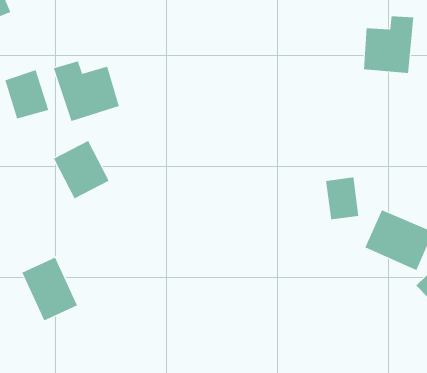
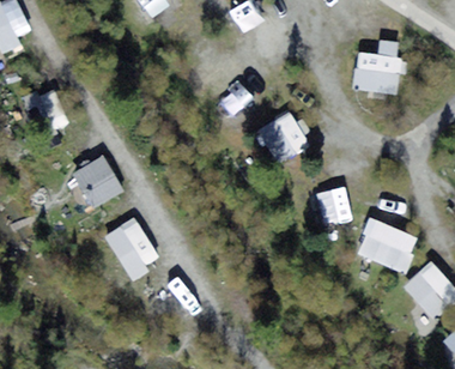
building: [53,61,119,122] -> none
building: none -> [257,114,307,164]
building: [21,257,78,321] -> [105,218,157,277]

